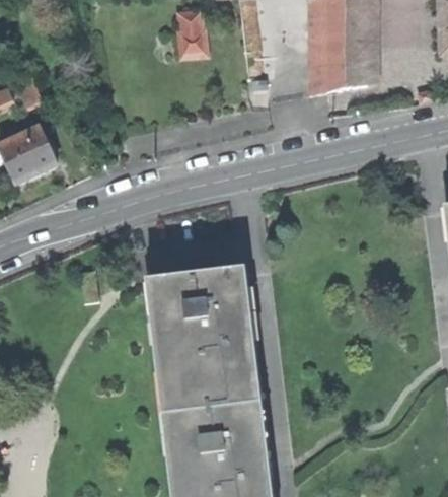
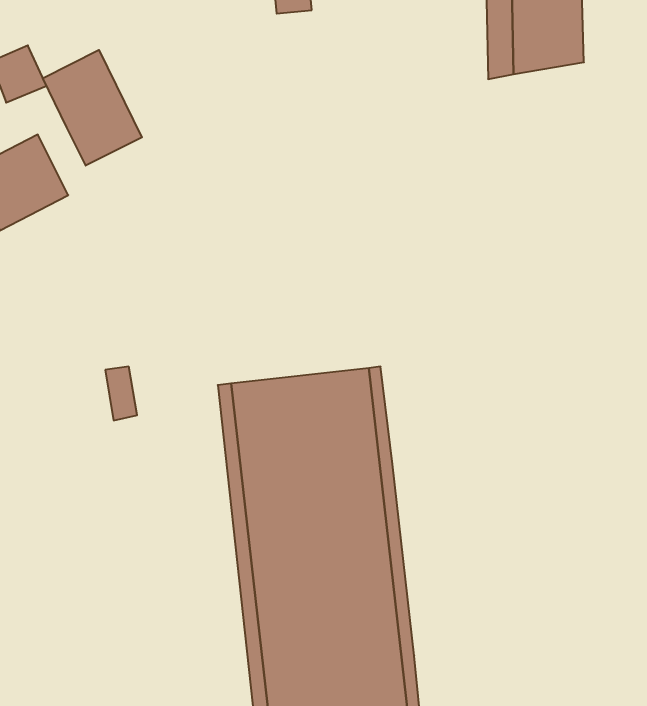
building: none -> [43,50,142,166]

